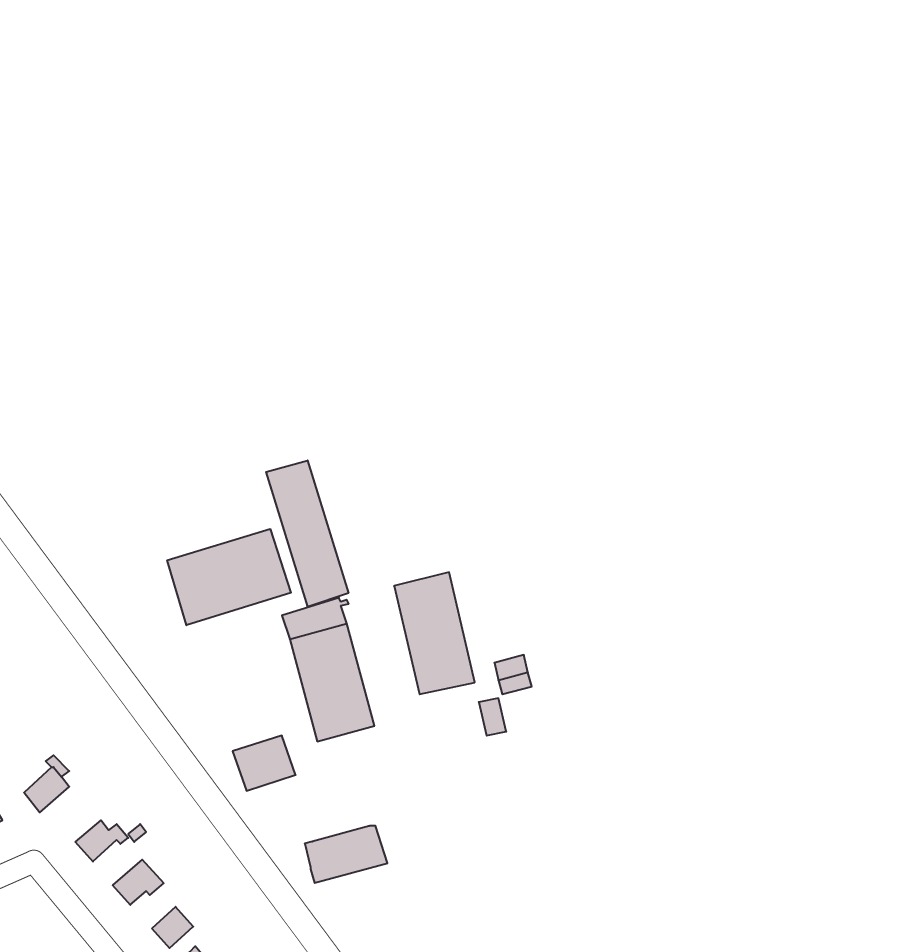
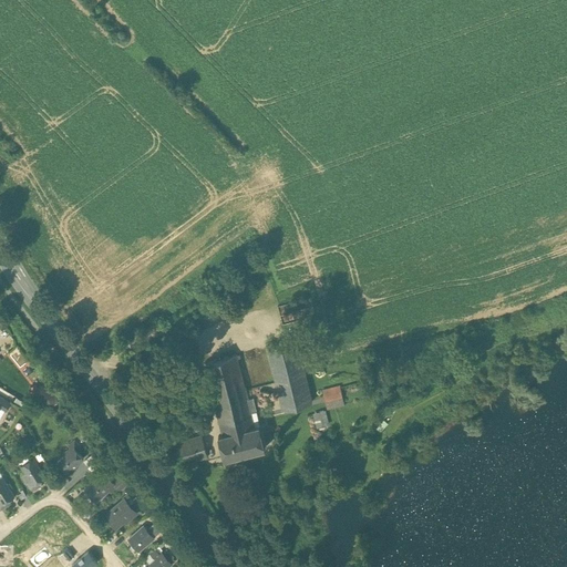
building: [266,460,348,607] -> none
building: [167,529,291,625] -> none
building: [305,826,387,883] -> [218,427,265,460]

